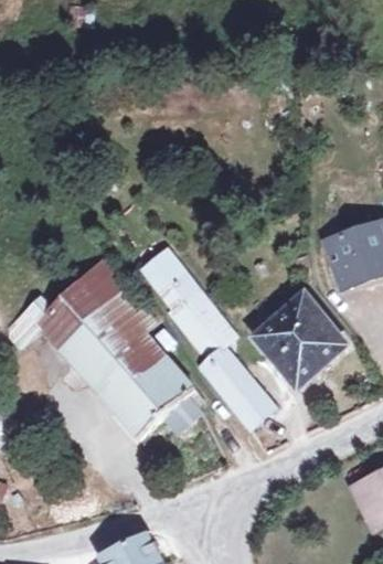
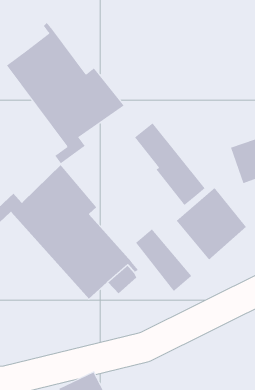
building: none -> [6,22,124,164]
building: [142,248,235,358] -> [134,122,205,206]

